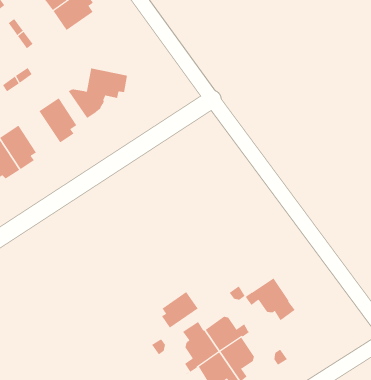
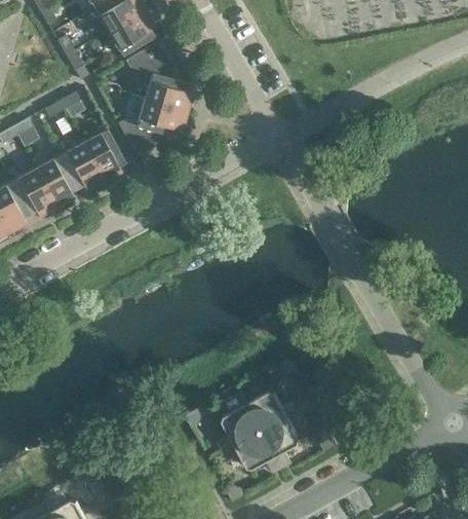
building: none -> [125,41,192,111]
building: none -> [59,142,103,189]
building: [242,278,295,321] -> none
building: [161,291,198,328] -> none

